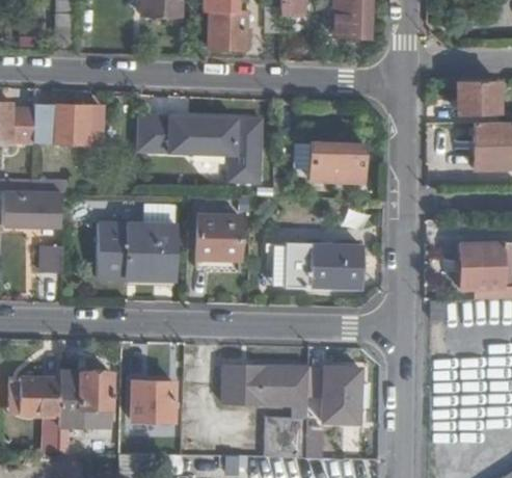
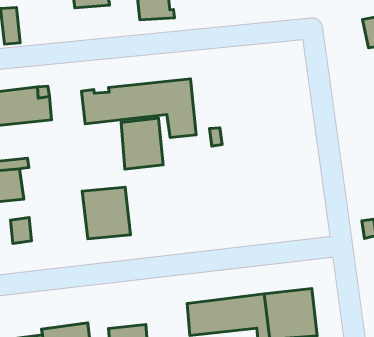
building: [311,138,362,181] -> none
building: [193,216,238,269] -> [121,118,163,169]
building: [96,225,125,280] -> none
building: [284,243,360,288] -> none

